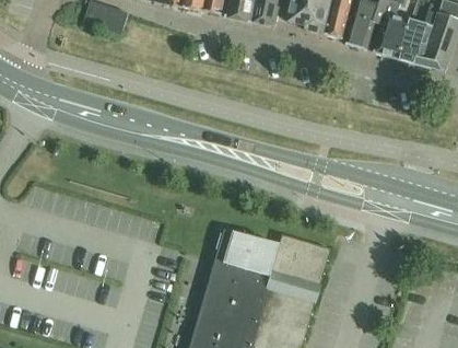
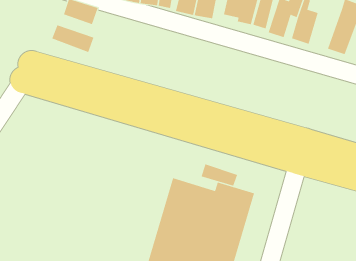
building: [396,12,436,66] -> none
building: none -> [51,24,94,53]
building: none -> [201,164,238,187]

